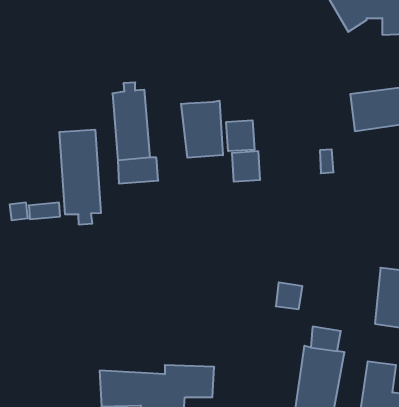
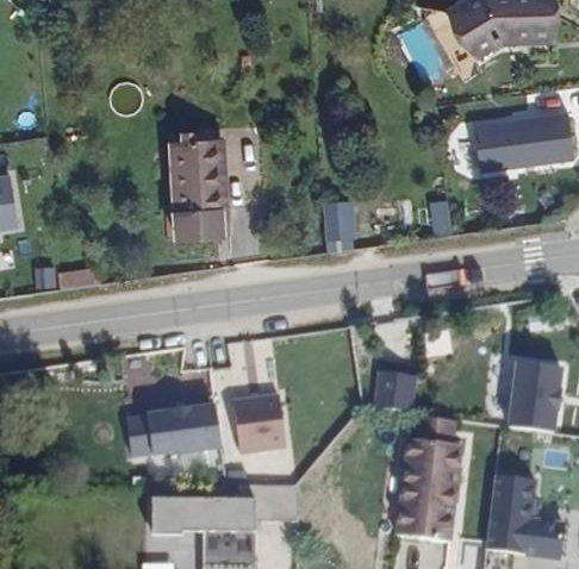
building: [181,101,223,158] -> none
building: [226,120,254,151] -> none
building: [59,130,101,225] -> none
building: none -> [229,393,285,454]
building: none -> [132,401,219,457]

